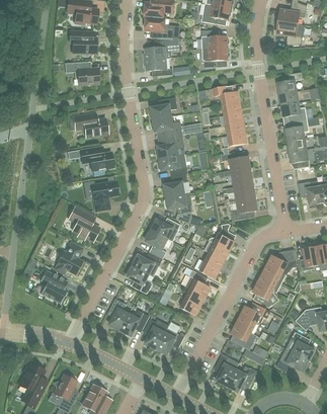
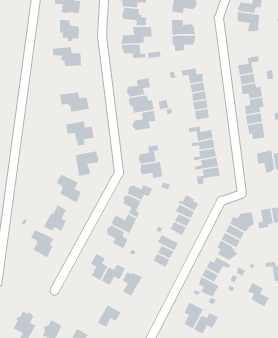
building: [157,154,187,175] -> none
building: [155,325,183,354] -> [97,302,121,328]
building: [275,351,308,372] -> none

